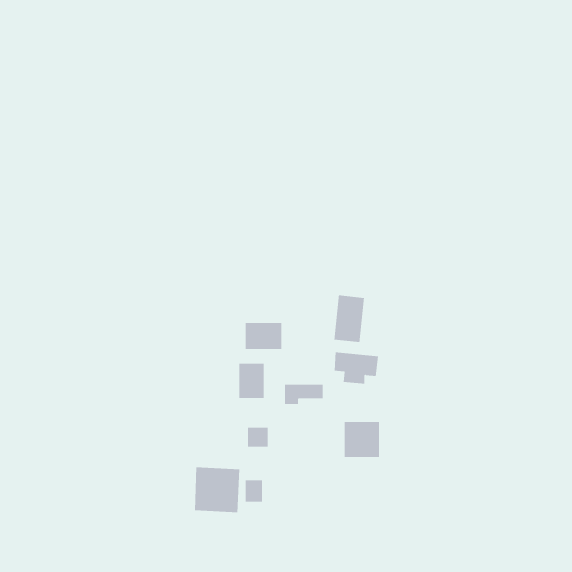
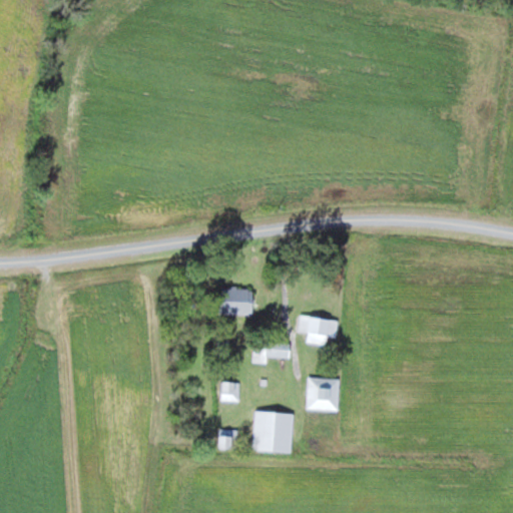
building: [334,295,365,343] -> none
building: [239,363,264,399] -> none
building: [194,467,240,513] -> [252,412,294,453]

